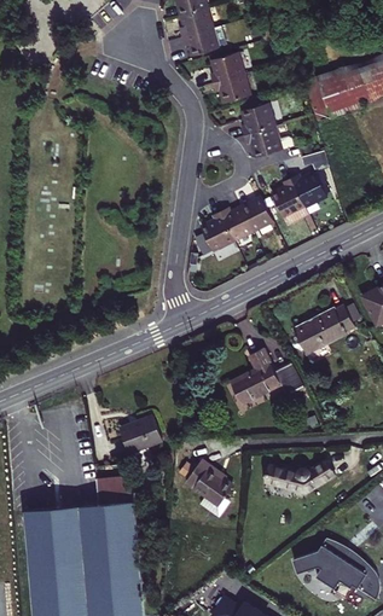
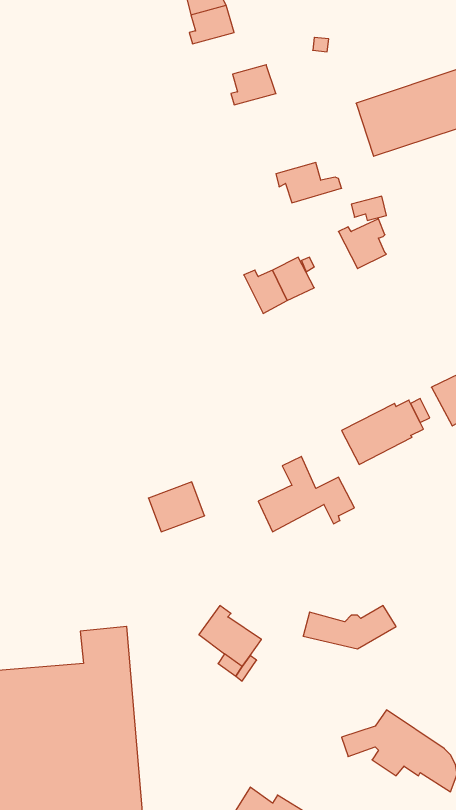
building: [181,27,226,57] -> none
building: [213,75,250,104] -> none
building: [242,104,274,135] -> none
building: [272,179,309,225] -> none
building: [201,211,234,251] -> none
building: [120,415,162,453] -> [148,482,205,532]

